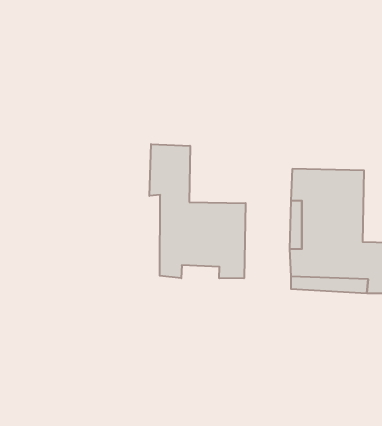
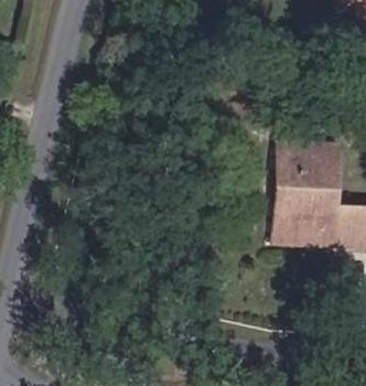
building: [149,144,246,278] -> none

